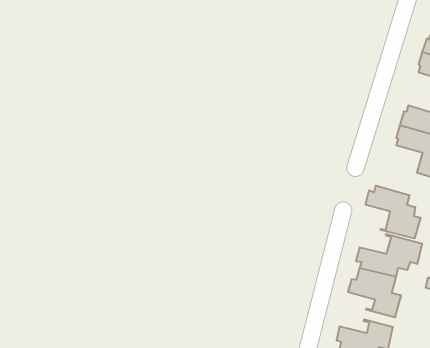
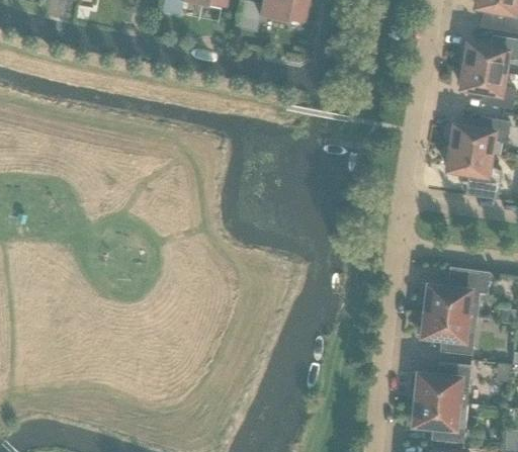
building: [366,186,421,238] -> none

